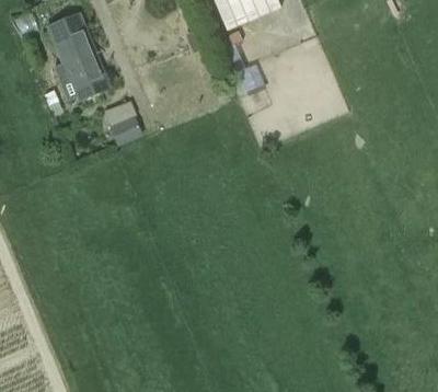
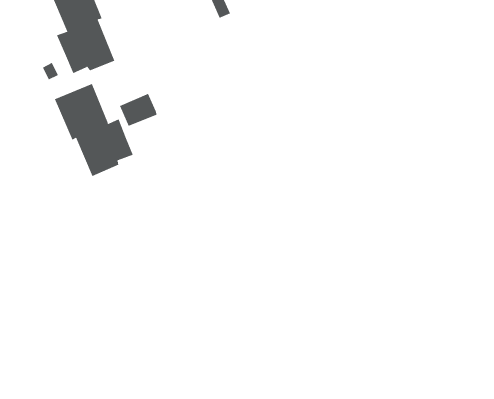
building: none -> [54,83,133,177]

